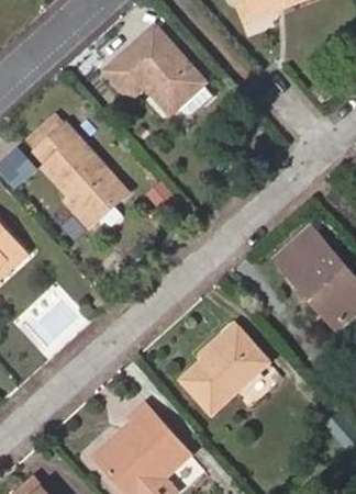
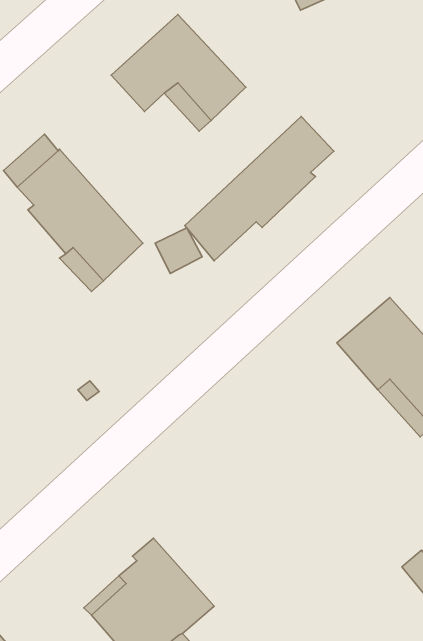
building: none -> [185,116,334,261]
building: [177,324,267,413] -> none

